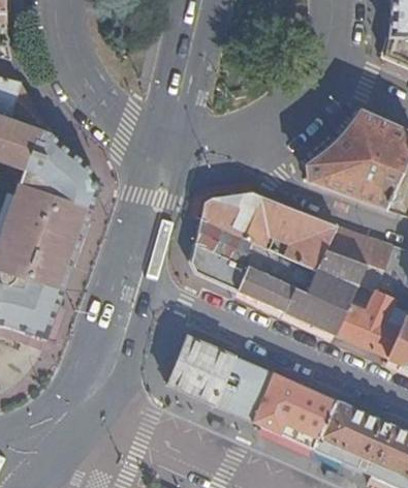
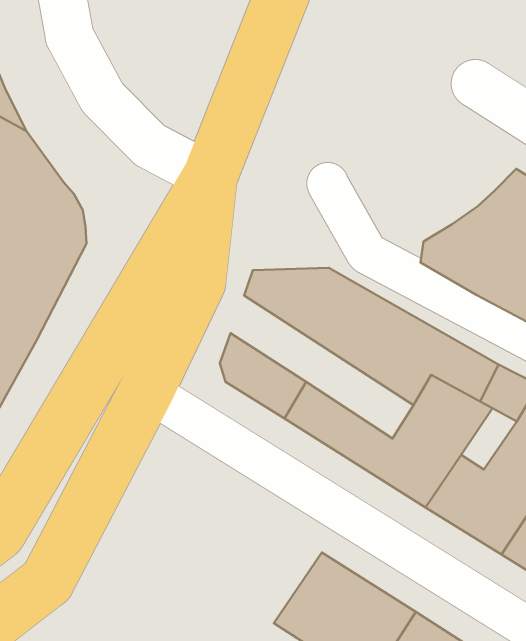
building: [194,216,315,293] -> none
building: [164,332,271,419] -> none

